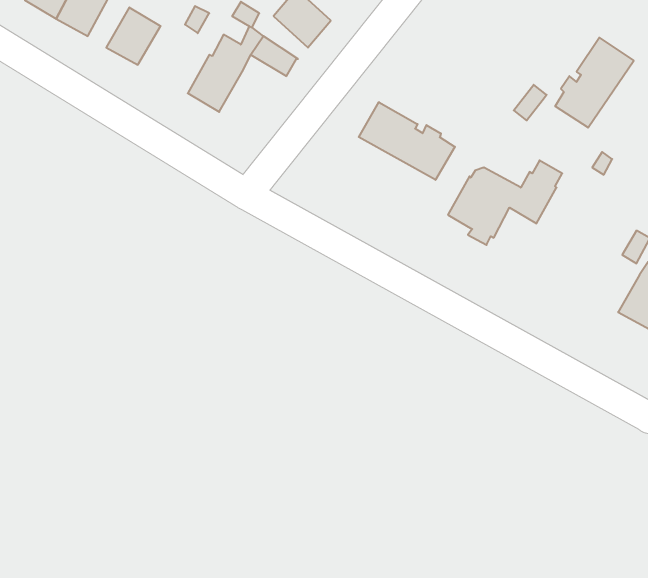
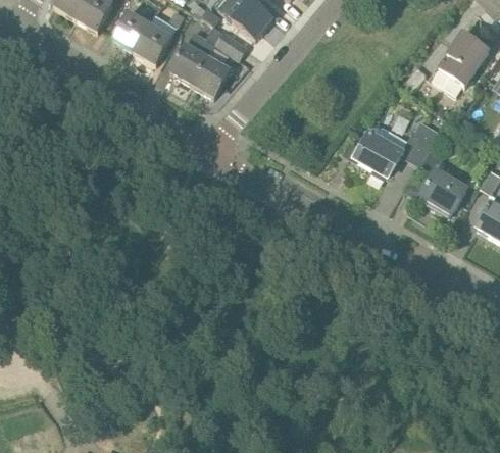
building: none -> [135,23,172,63]
building: none -> [193,56,231,97]
building: [359,102,455,180] -> none
building: none -> [421,168,467,213]

